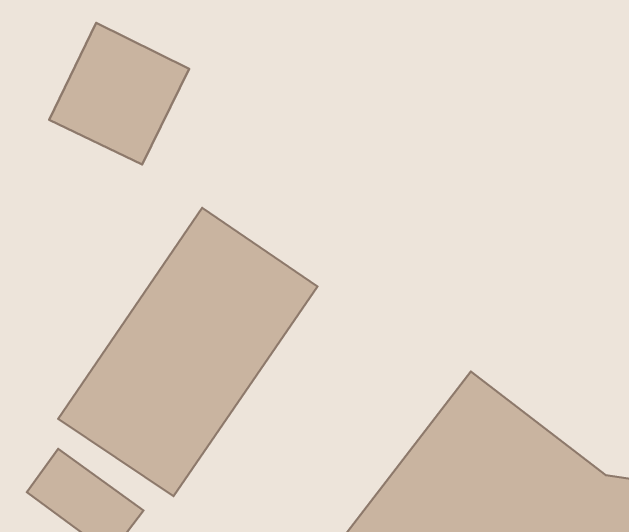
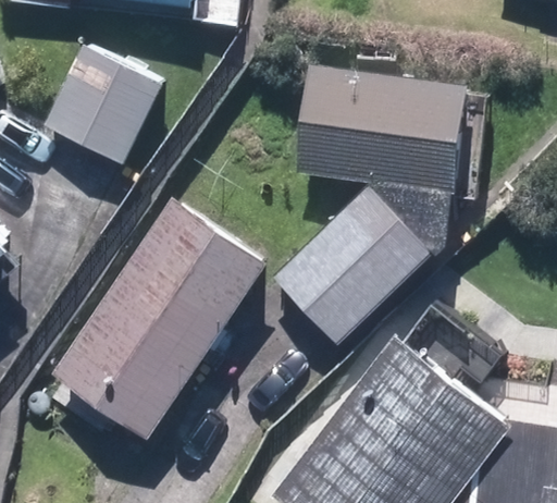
building: none -> [295,68,468,195]
building: none -> [272,187,431,344]

